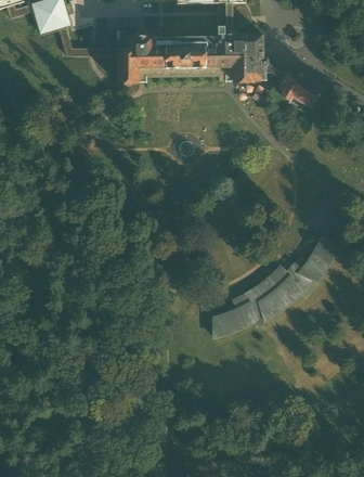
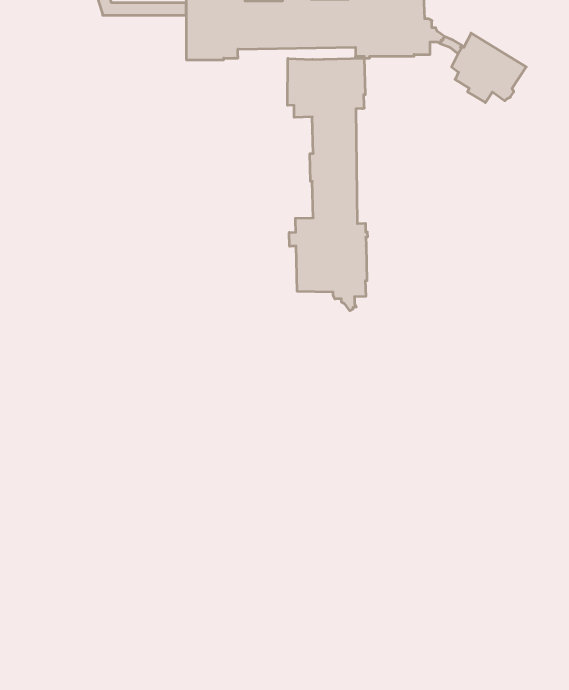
building: none -> [288,58,367,311]
building: [212,235,340,334] -> none

